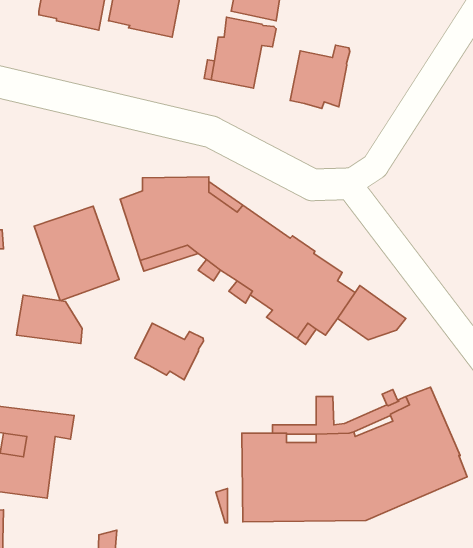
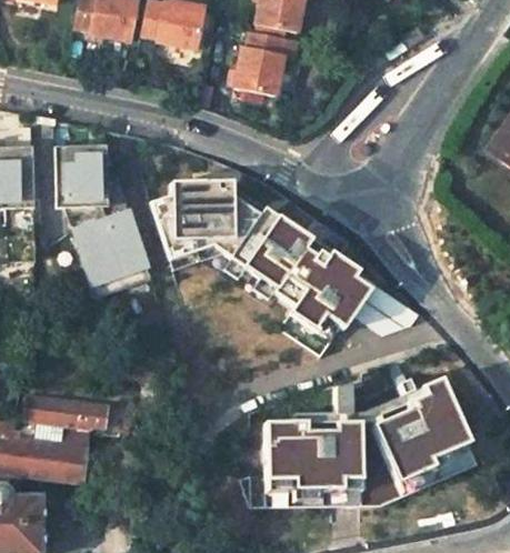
building: [290,45,350,108] -> none
building: none -> [52,150,106,212]
building: [16,295,82,344] -> none
building: [135,323,203,380] -> none

